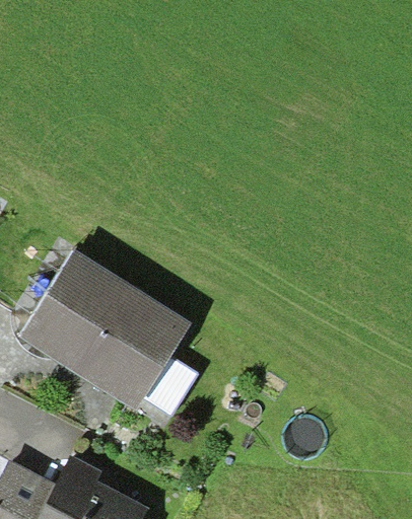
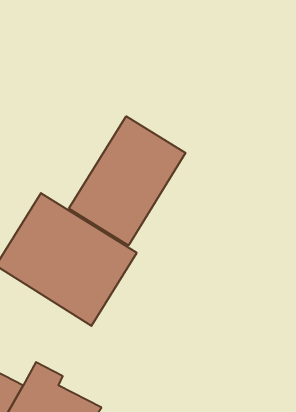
building: none -> [69,116,185,245]

